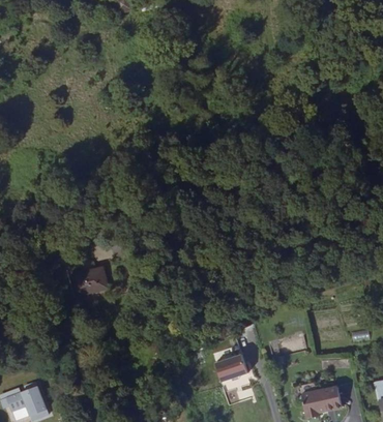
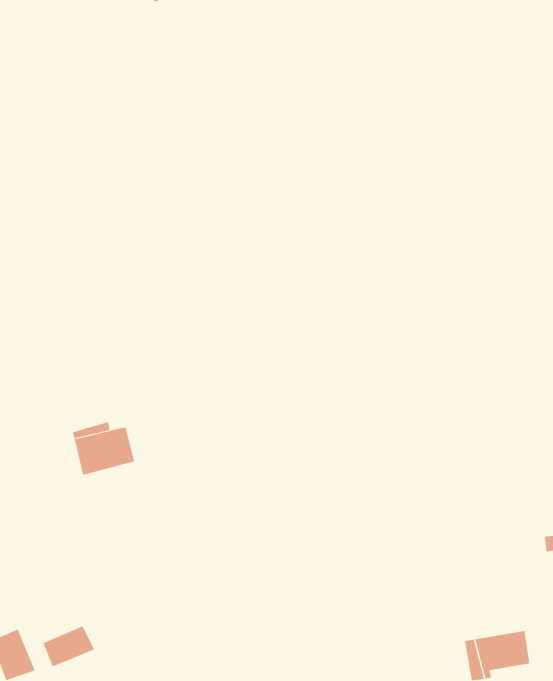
building: [215,354,248,383] -> none
building: none -> [43,626,95,667]

